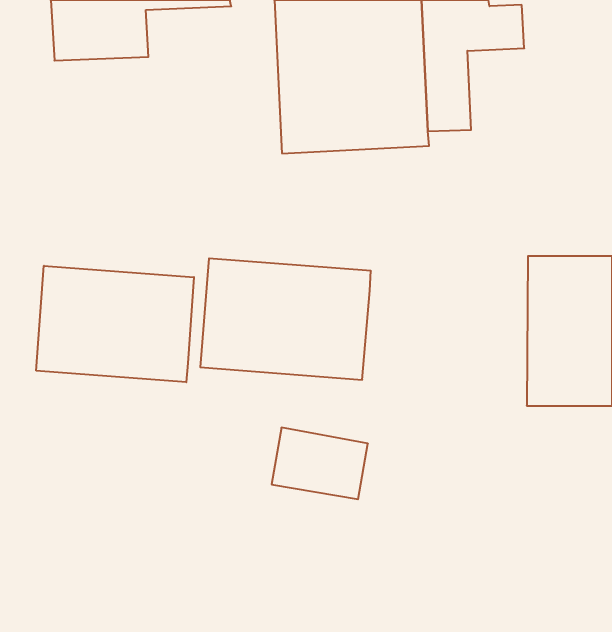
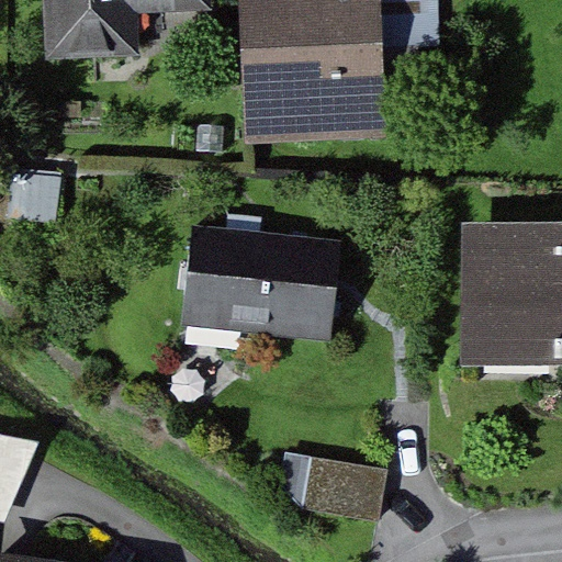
building: [36,266,194,382] -> none
building: [272,428,368,499] -> [300,457,385,520]

